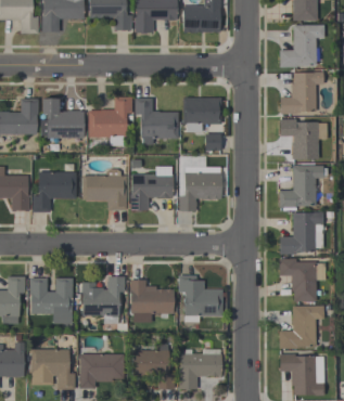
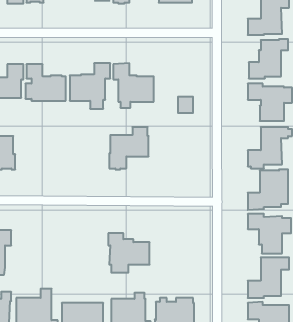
building: [183,98,221,131] -> none
building: [179,167,221,211] -> none
building: [81,169,127,210] -> none
building: [33,171,76,212] -> none
building: [178,275,222,322] -> none
building: [29,277,72,324] -> none
building: [81,277,124,324] -> none

